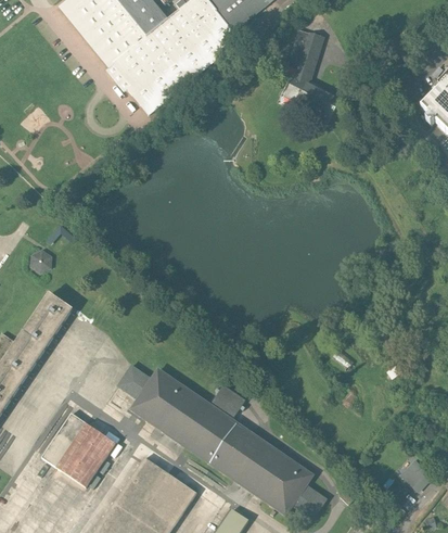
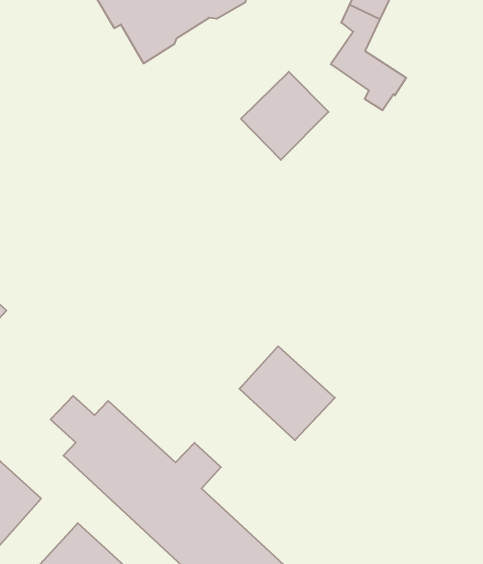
building: none -> [241,72,329,160]
building: none -> [239,346,335,440]

